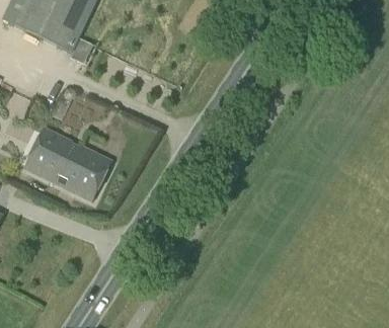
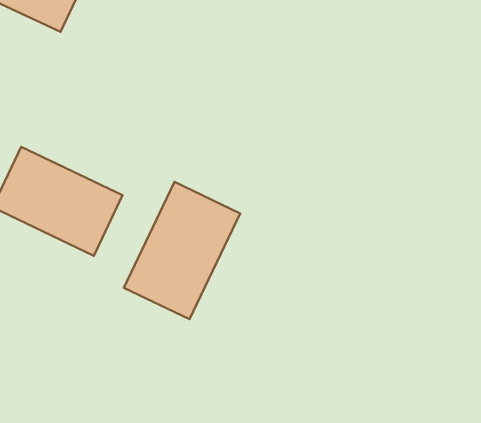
building: none -> [124,182,240,319]

